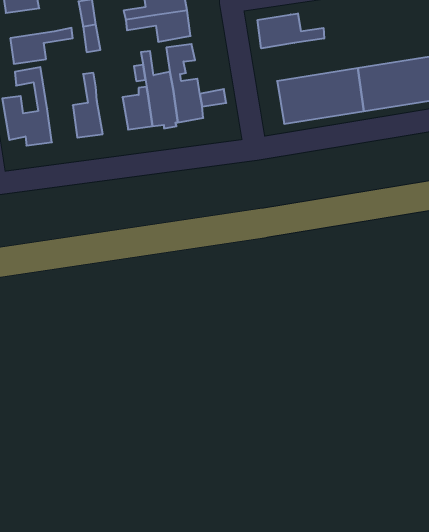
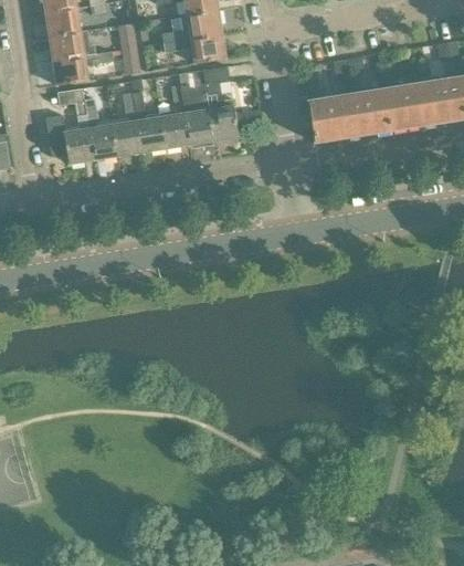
building: none -> [49,30,95,60]
building: [258,13,324,48] -> none
building: none -> [133,91,166,151]
building: none -> [84,98,117,159]

